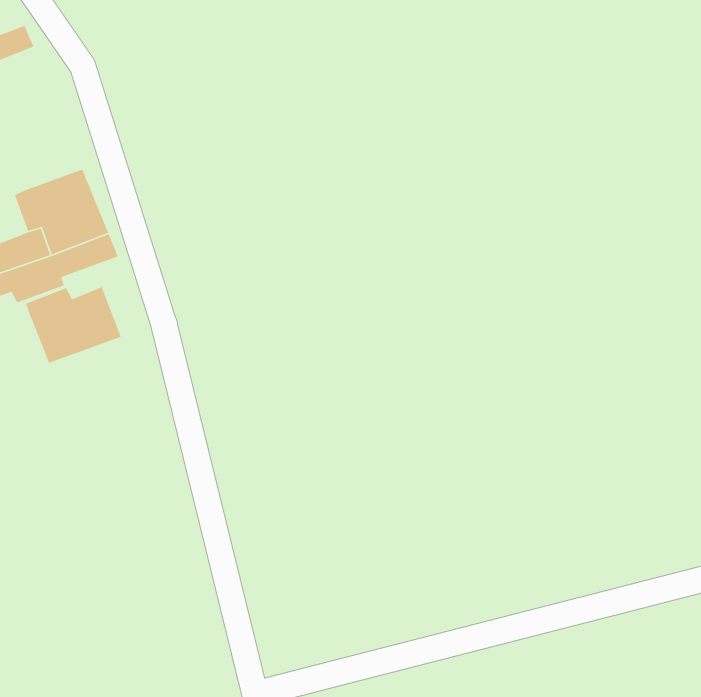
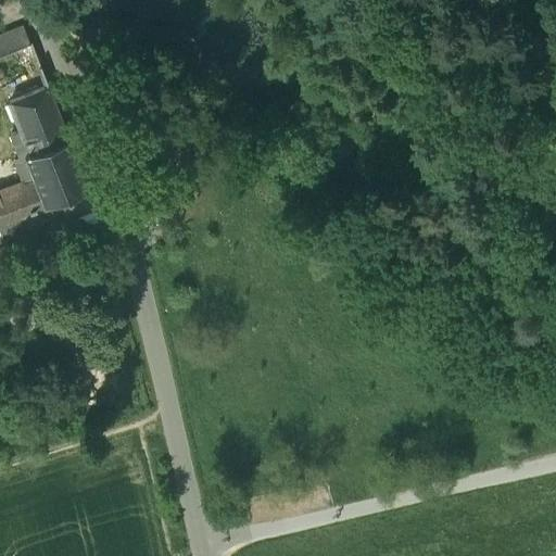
building: none -> [7,80,65,147]
building: [25,286,122,364] -> none

